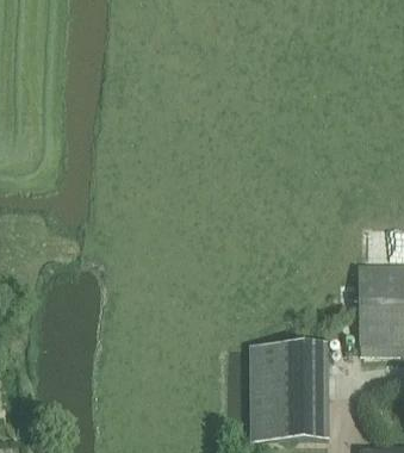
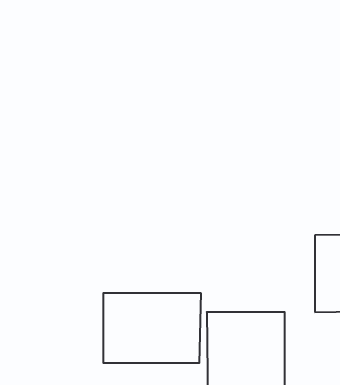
building: none -> [103,293,201,363]

